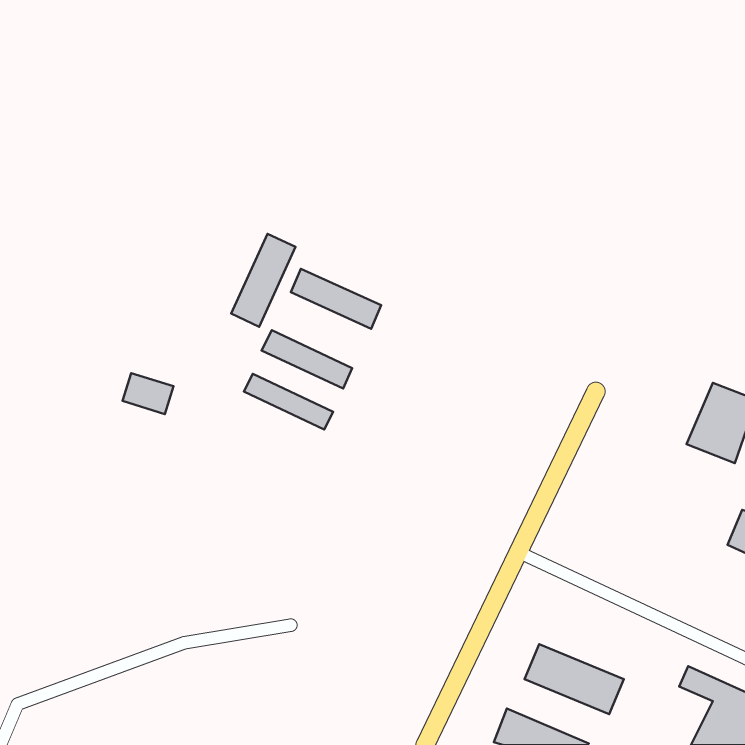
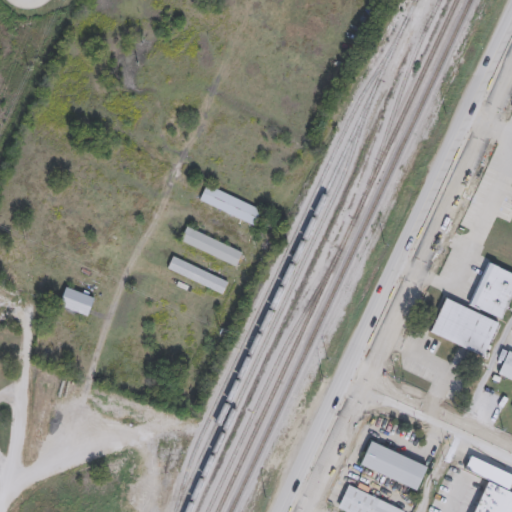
building: [231,234,296,327] -> none
building: [122,373,174,414] -> [59,287,94,315]
building: none -> [430,297,499,354]

